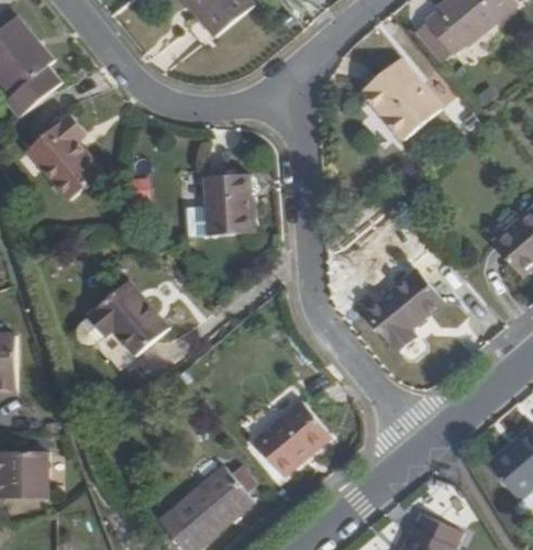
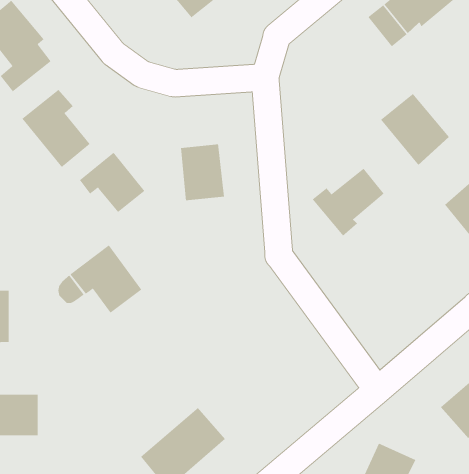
building: [363,59,440,140] -> [380,93,450,166]
building: none -> [79,152,145,213]
building: [360,272,441,348] -> [312,168,385,237]
building: [253,397,329,474] -> none

